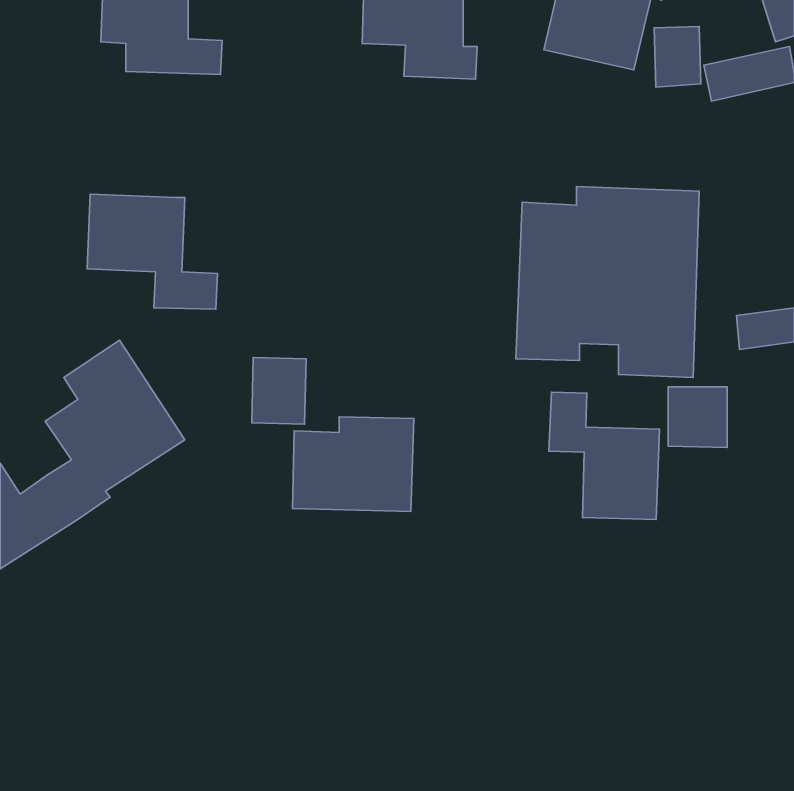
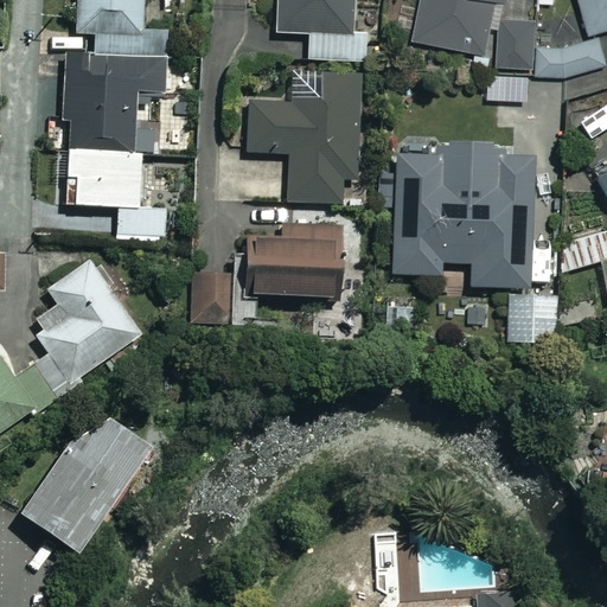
building: none -> [63,53,168,151]
building: none -> [249,76,360,204]
building: [549,392,660,520] -> none
building: [293,417,414,512] -> [248,225,340,298]
building: none -> [21,416,153,552]

